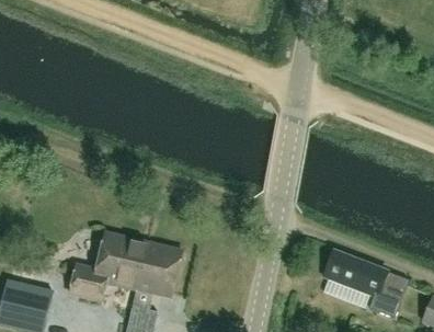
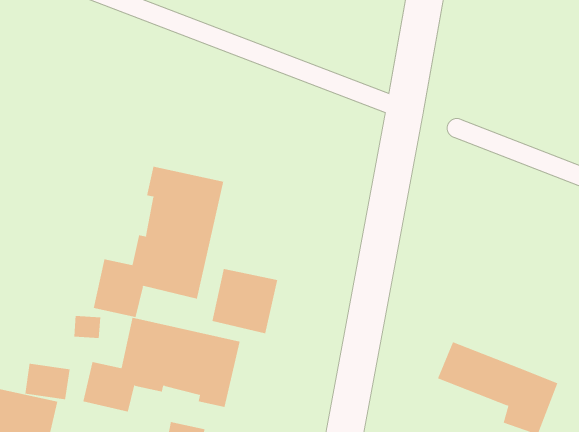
building: none -> [93,166,224,318]
building: none -> [212,268,278,334]

